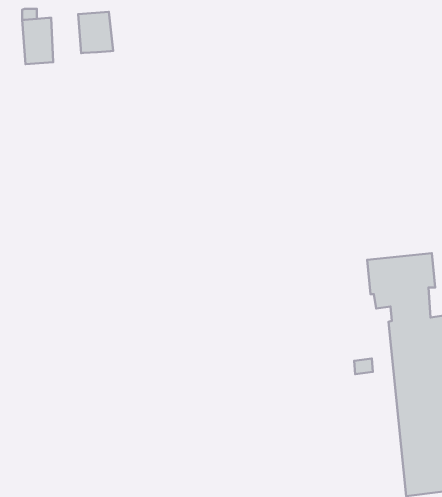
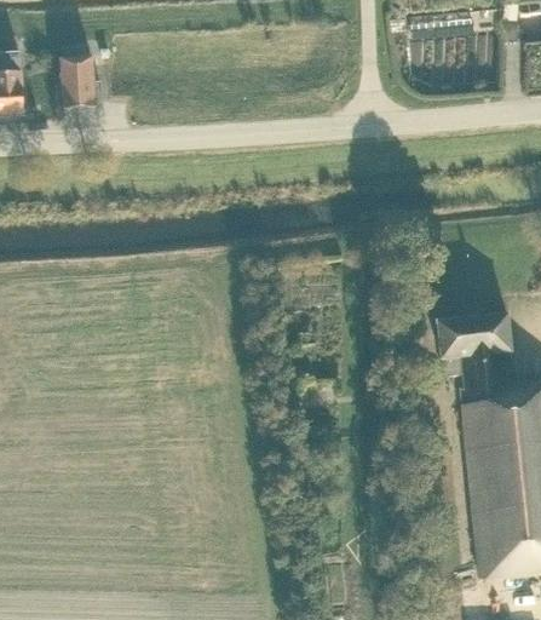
building: [78,12,113,53] -> none

